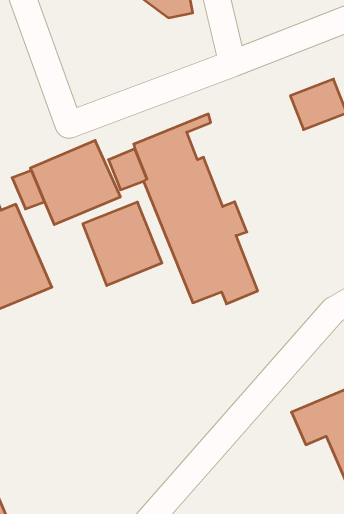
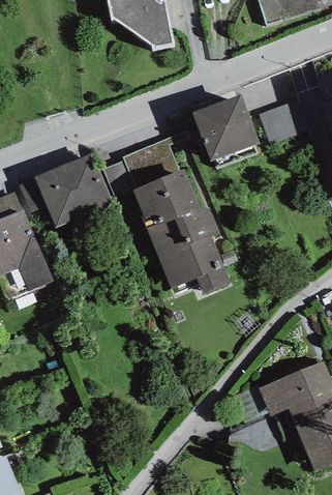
building: none -> [190,92,258,167]
building: [83,202,162,286] -> none

